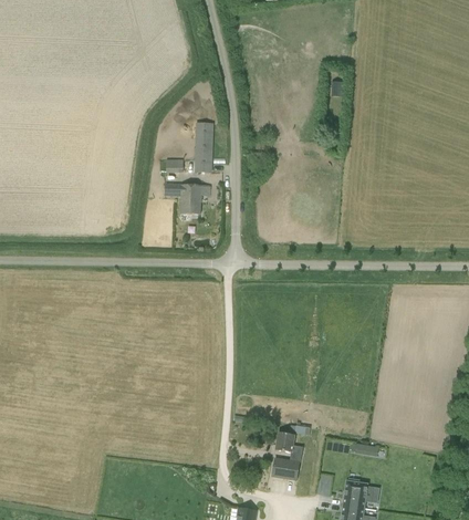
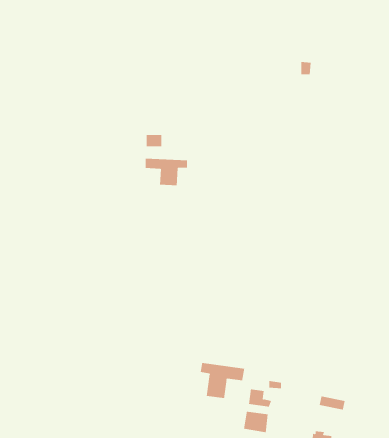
building: [194,123,213,174] -> none
building: none -> [200,362,245,399]

